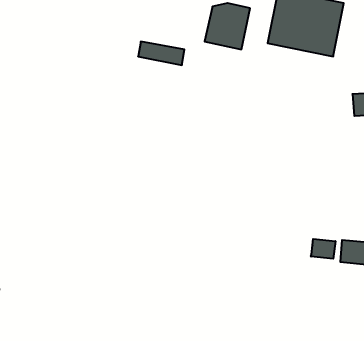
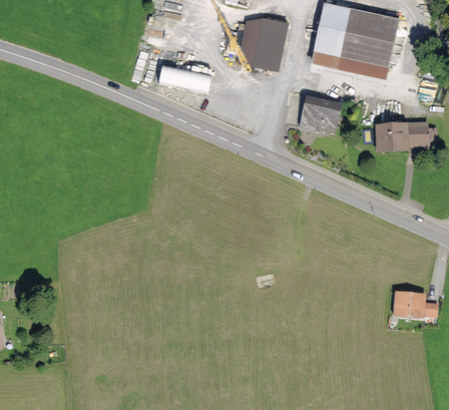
building: none -> [301,96,343,130]
building: none -> [375,122,409,152]
building: [311,239,335,259] -> none

